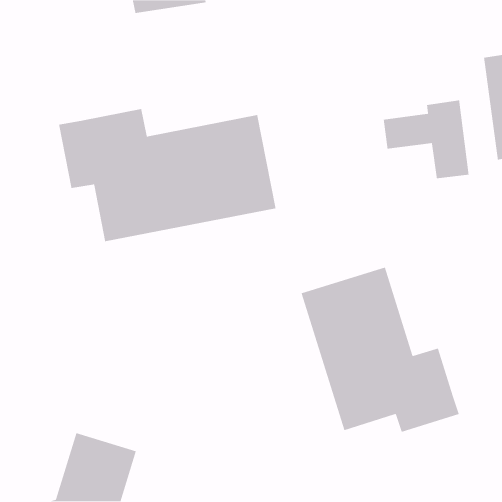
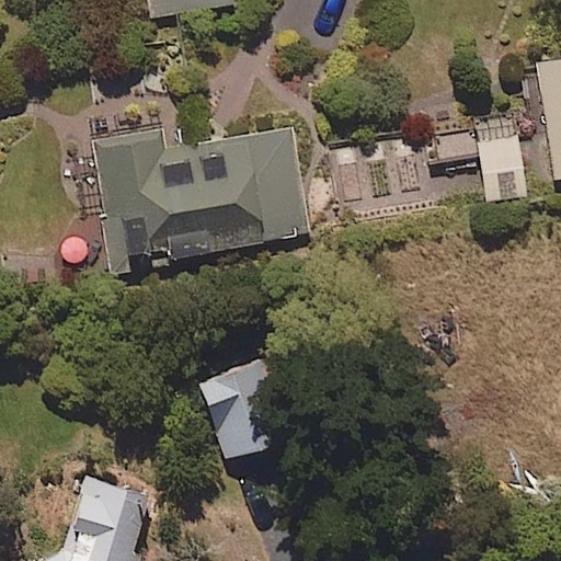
building: [300,266,460,433] -> none
building: none -> [198,364,286,460]

